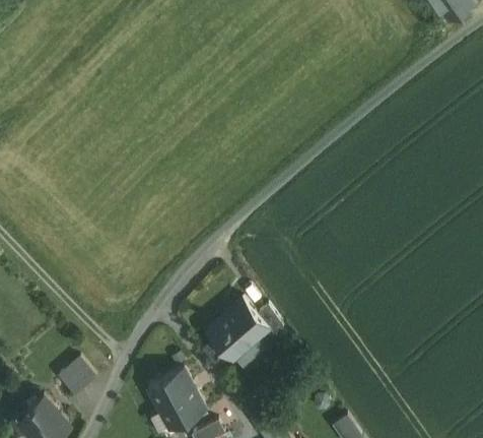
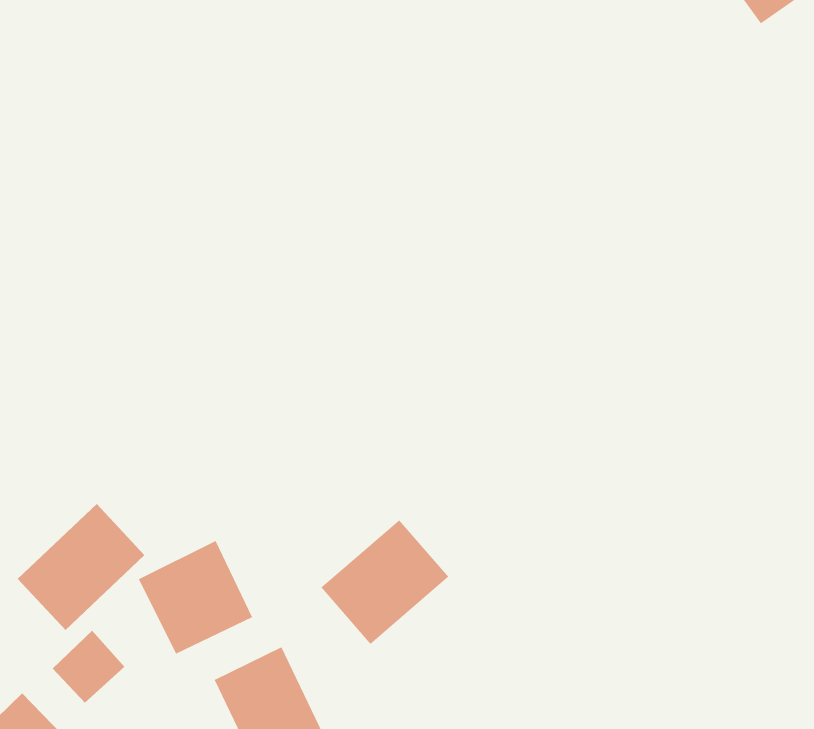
building: none -> [17,503,145,631]
building: none -> [138,540,253,655]

